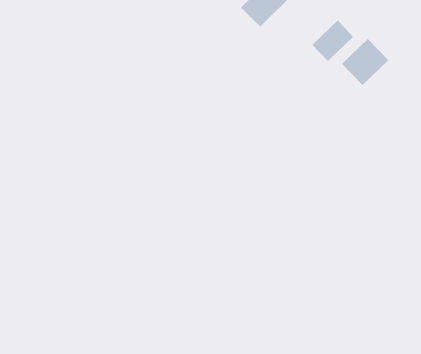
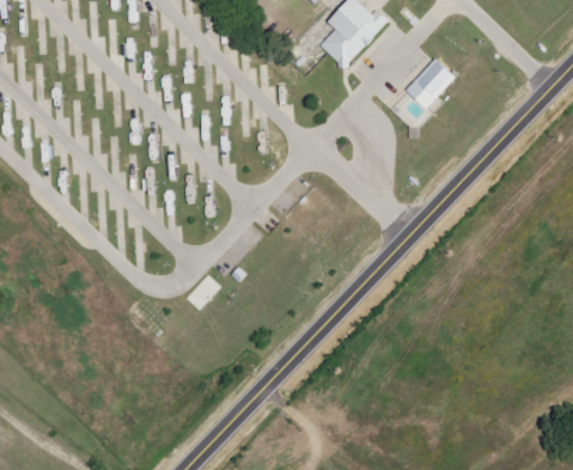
building: [341,38,389,86] -> none

